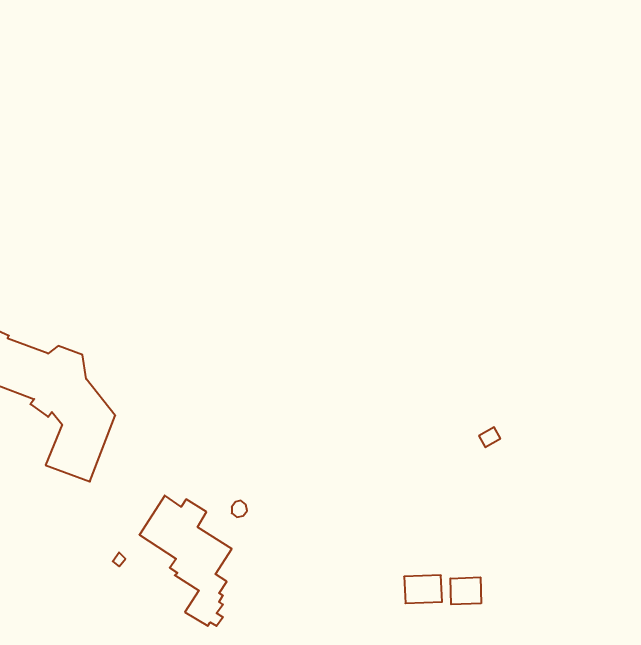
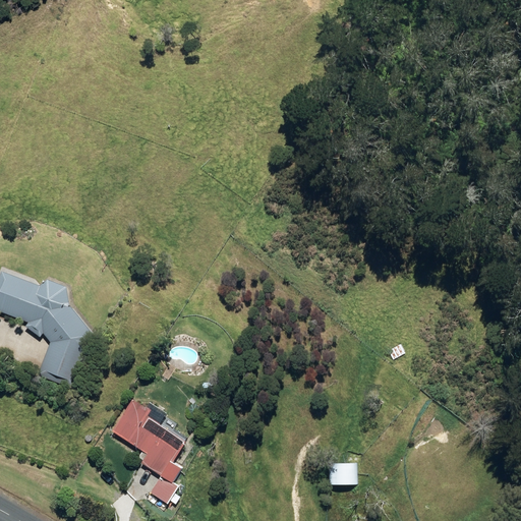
building: [450,577,481,604] -> none

